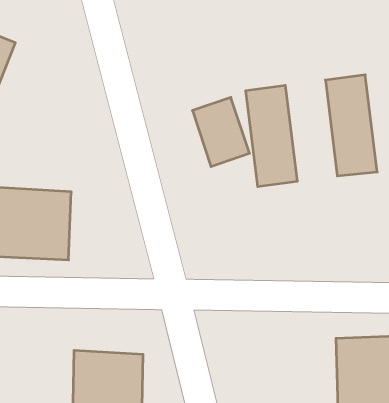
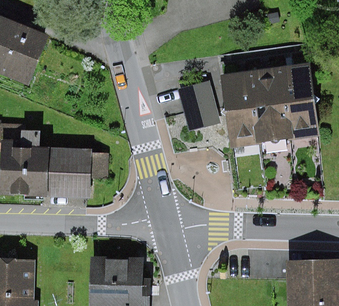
building: none -> [249,63,288,139]

